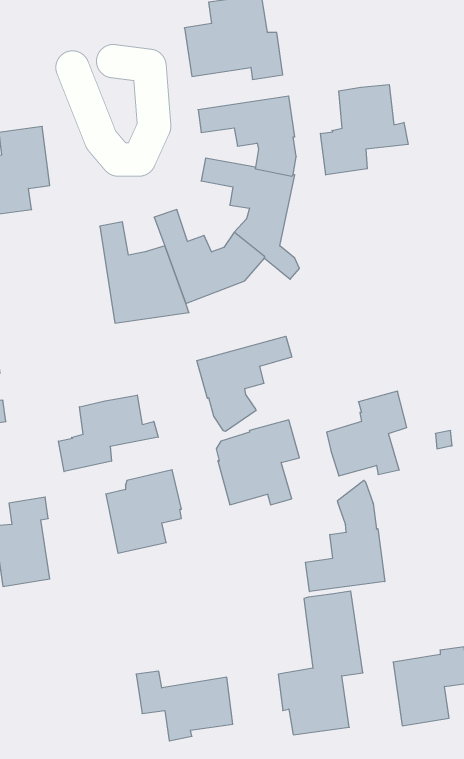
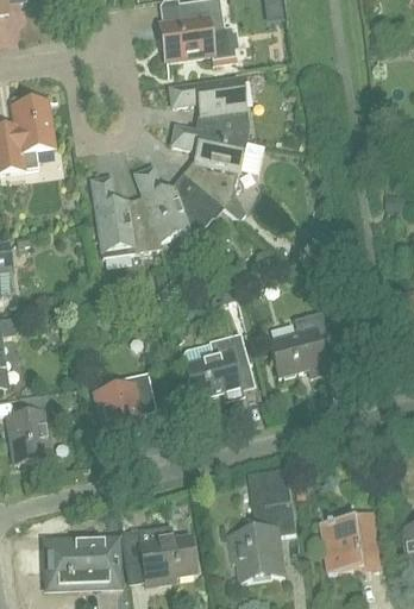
building: [320,85,408,175] -> none
building: [197,336,292,431] -> none
building: [58,395,158,472] -> none
building: [305,480,385,592] -> none
building: none -> [44,536,117,588]

